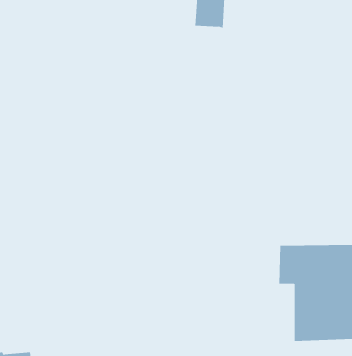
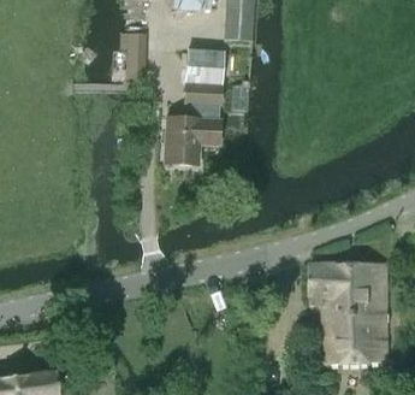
building: none -> [164,48,224,164]

